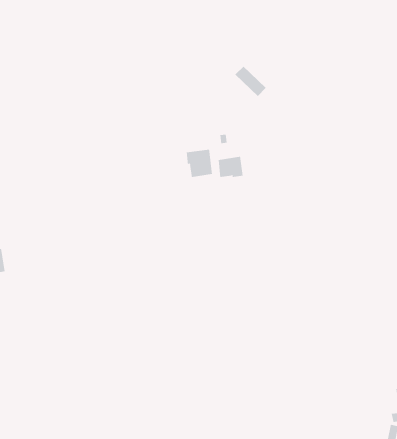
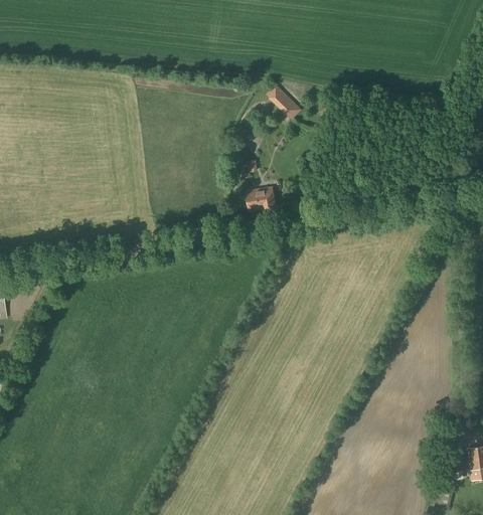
building: [186,149,213,178] -> none

